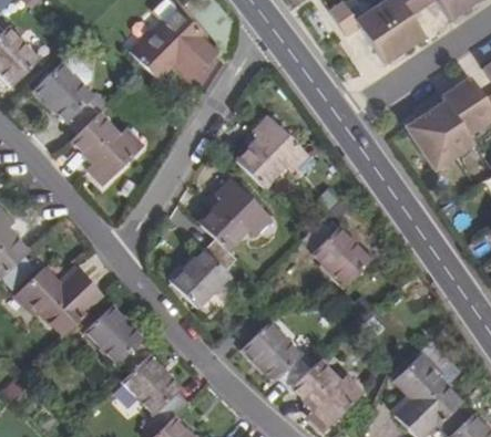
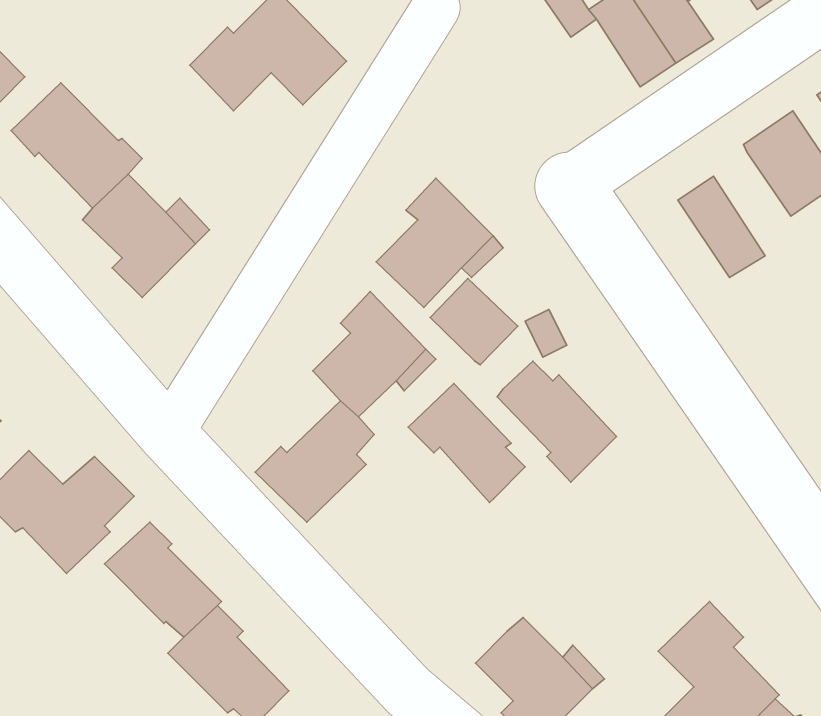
building: [426,102,474,159] -> none
building: none -> [430,279,518,365]
building: [245,322,310,388] -> [408,383,525,503]

